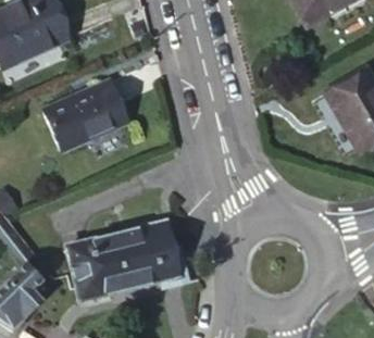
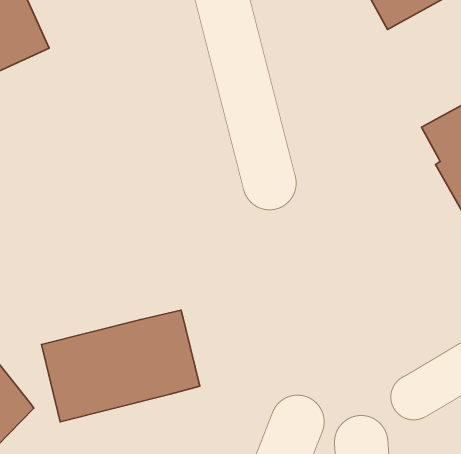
building: [43,75,127,147] -> none

